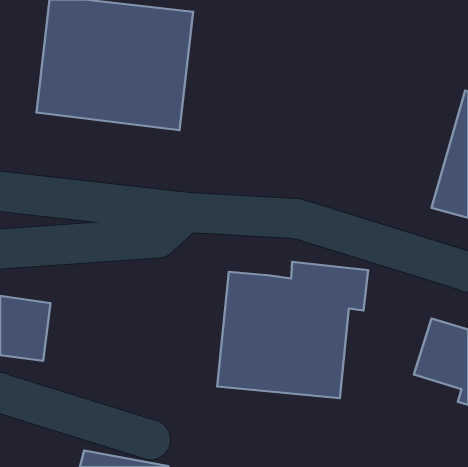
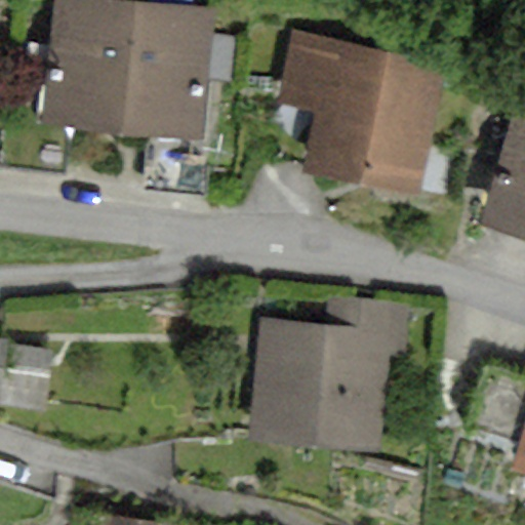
building: none -> [281,33,450,199]

